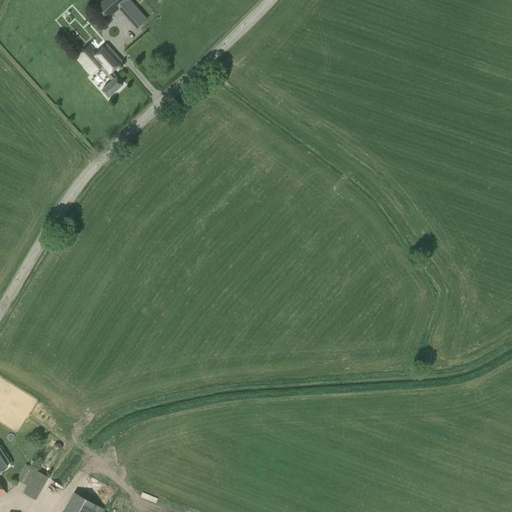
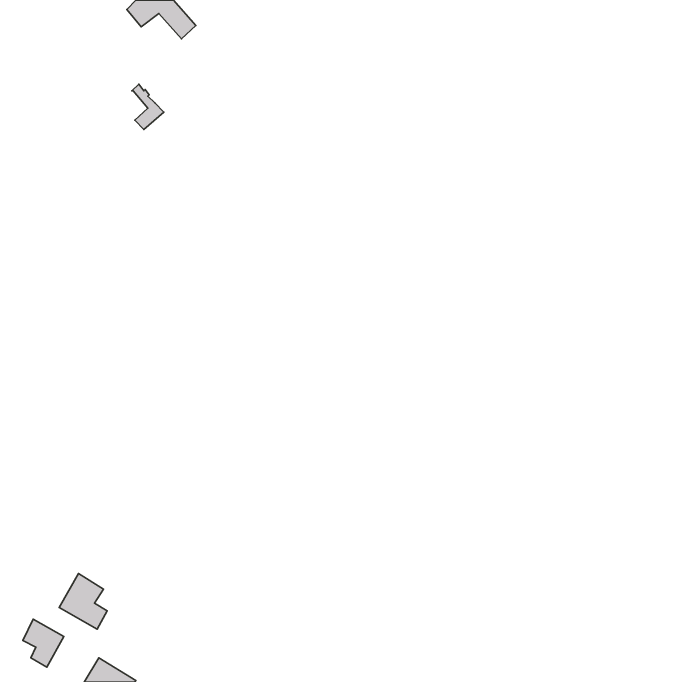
building: [77,45,122,76] -> none
building: none -> [59,573,107,629]

